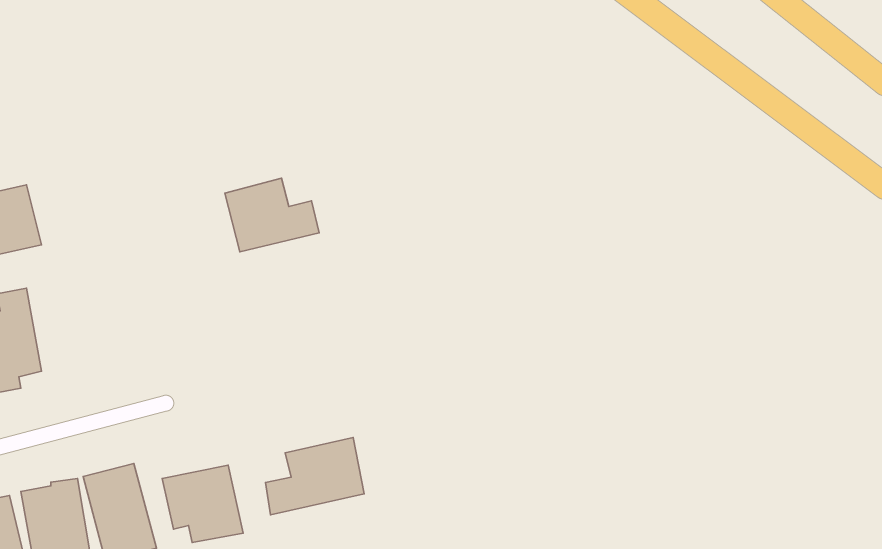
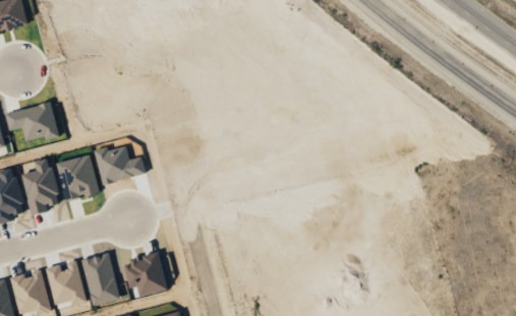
building: [225,178,319,252] -> [95,143,146,183]
building: none -> [56,153,99,201]
building: [265,437,364,515] -> none

